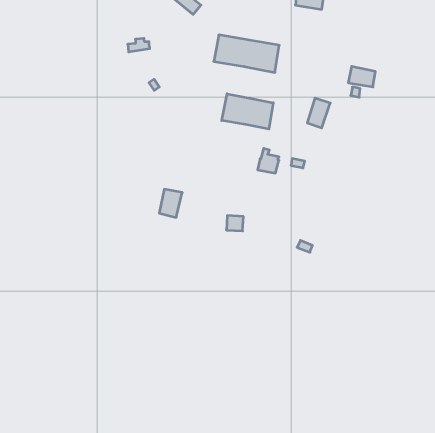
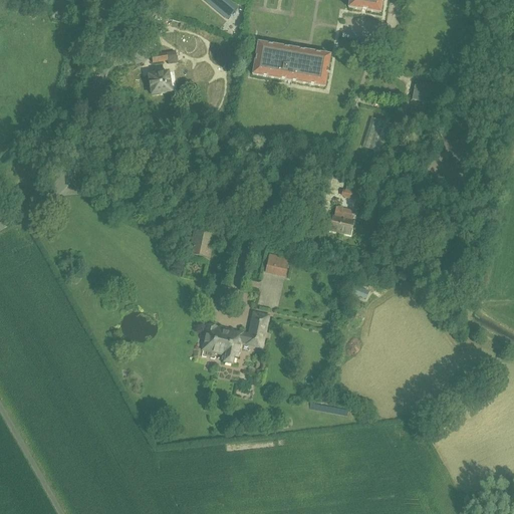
building: none -> [149,70,171,92]
building: [222,94,273,129] -> none
building: [258,148,279,173] -> [328,204,353,233]
building: none -> [204,311,268,362]

